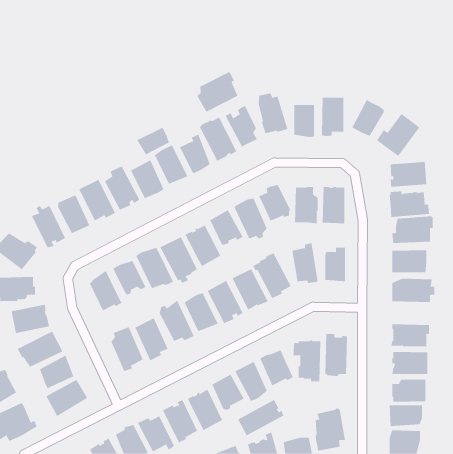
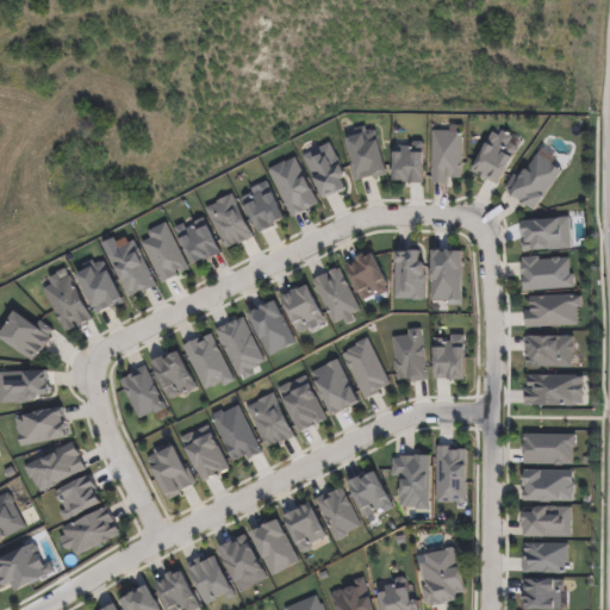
building: [197,71,238,113] -> none
building: [137,127,169,155] -> none
building: [237,399,284,436] -> none

